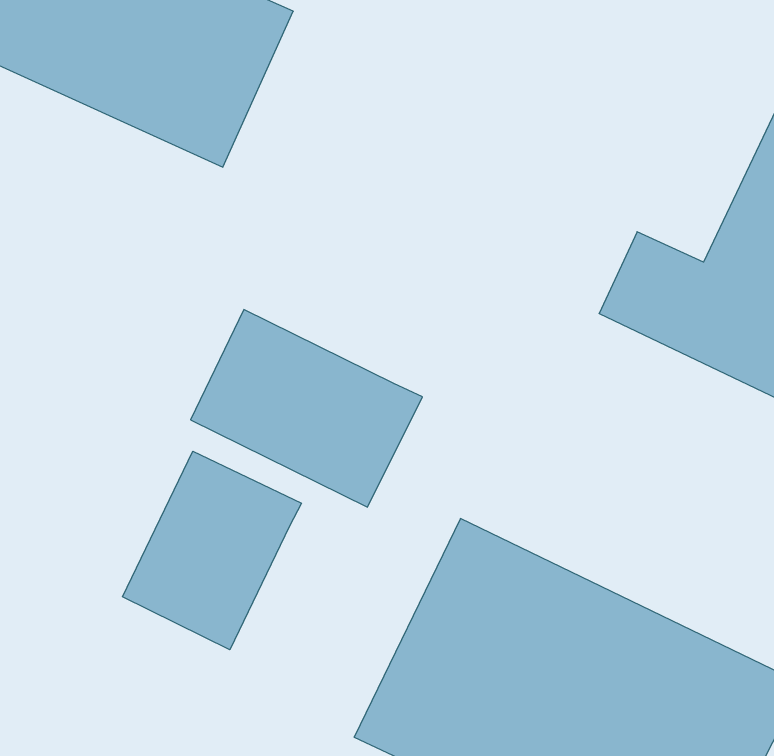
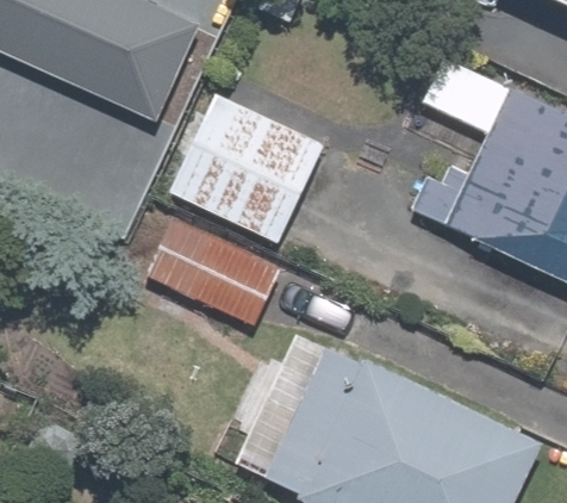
building: none -> [156,86,329,257]
building: [123,451,301,650] -> none

